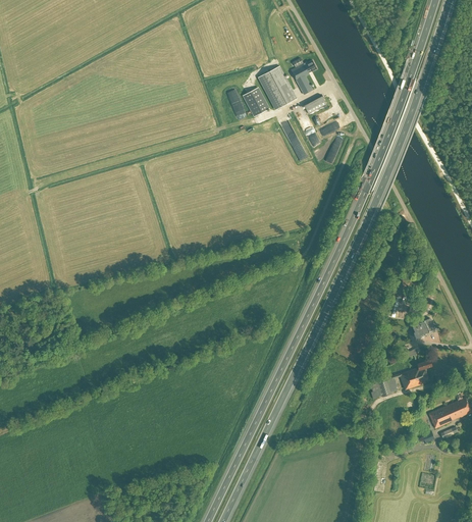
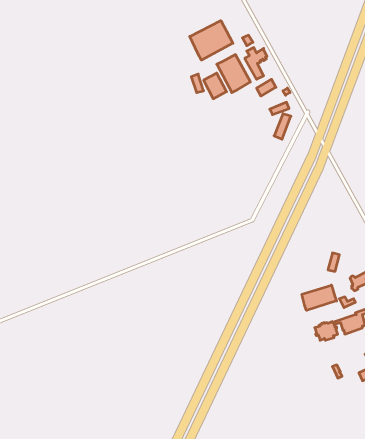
building: none -> [190,21,233,60]
building: none -> [302,285,337,310]

